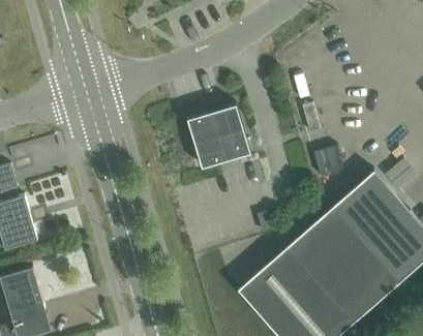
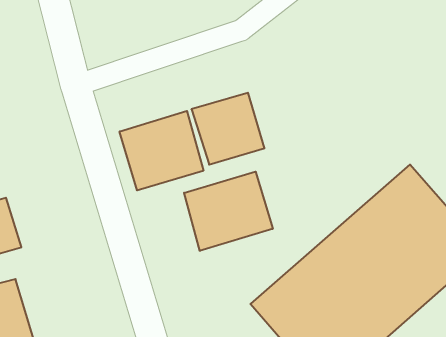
building: none -> [120,111,203,190]
building: none -> [184,172,273,251]

